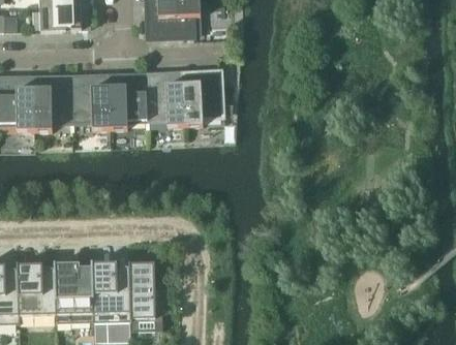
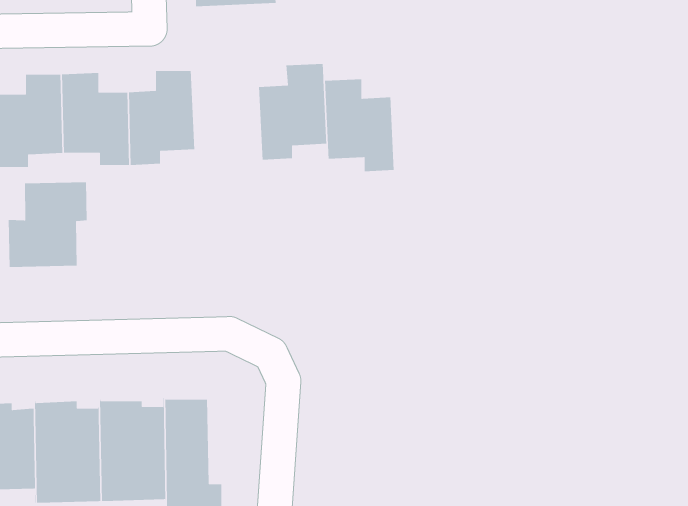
building: [145,72,185,126] -> [324,78,395,172]
building: none -> [8,182,87,268]

